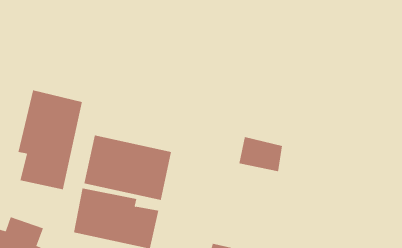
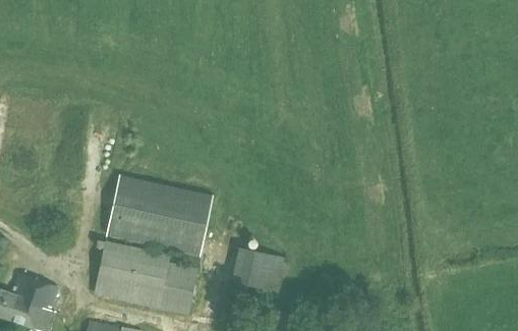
building: [18,90,82,190] -> none
building: [238,136,283,172] -> [231,247,285,290]

